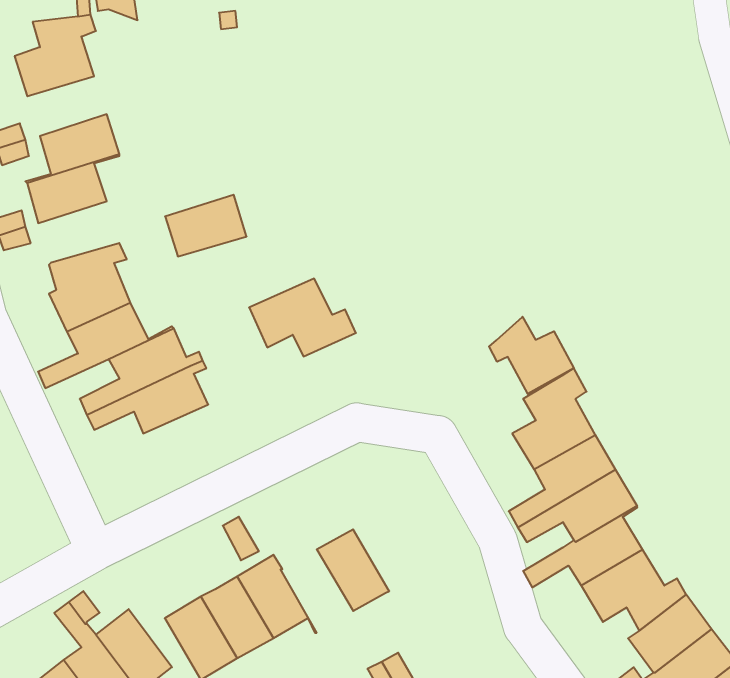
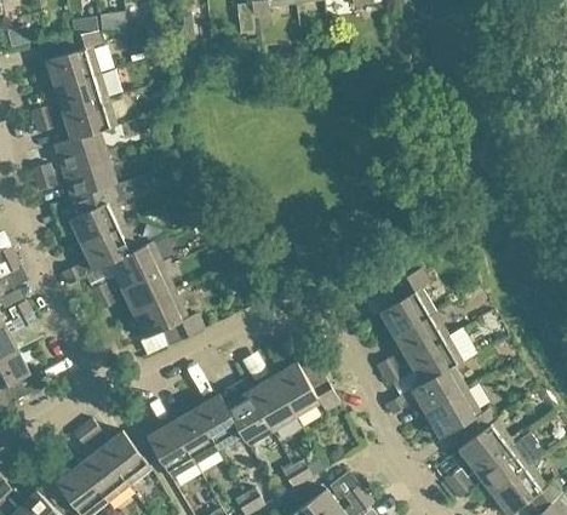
building: none -> [55,73,108,113]
building: [165,195,247,256] -> [62,156,116,198]
building: [249,279,356,356] -> [132,292,204,344]
building: [489,317,574,394] -> none
building: none -> [273,361,340,417]
building: none -> [219,379,273,445]

